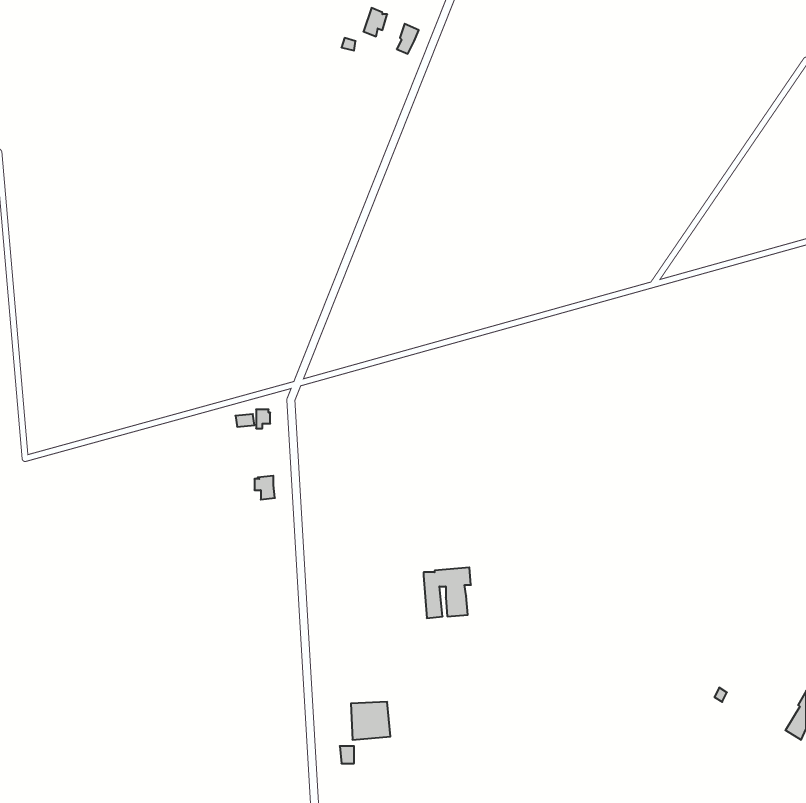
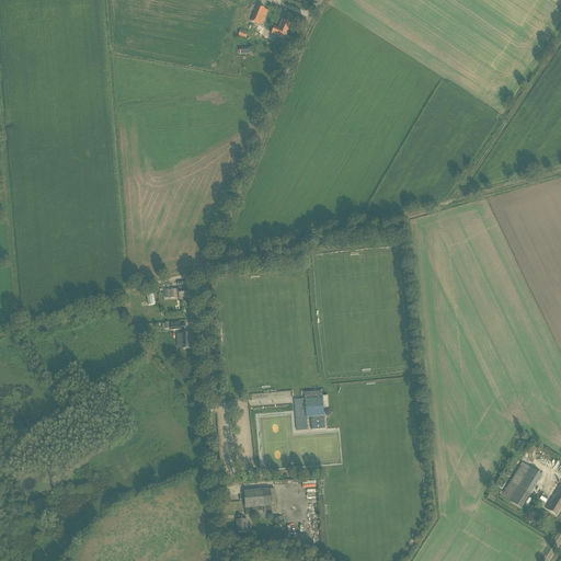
building: none -> [501,459,541,505]

